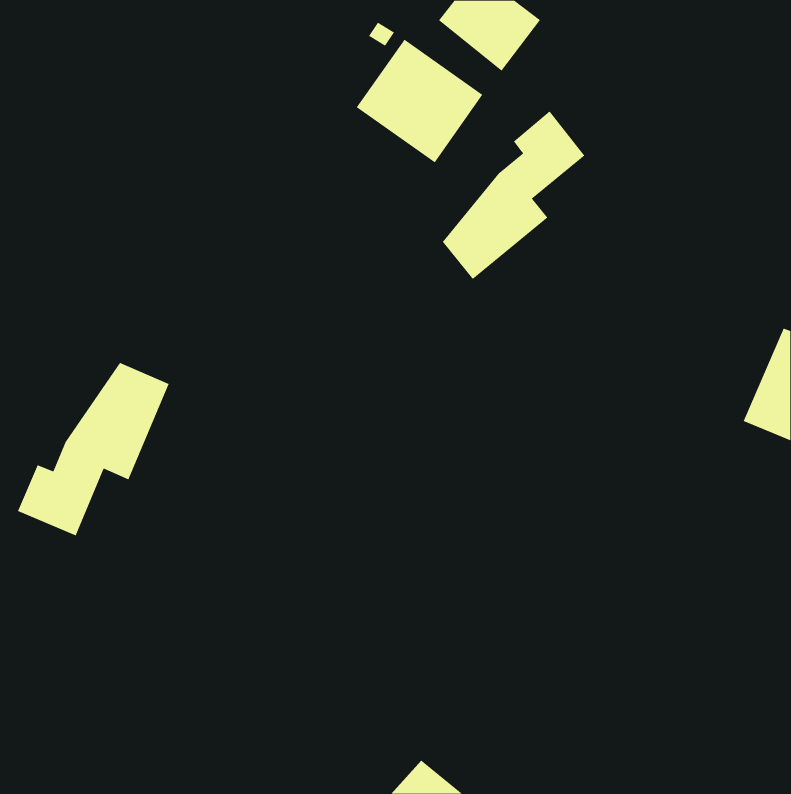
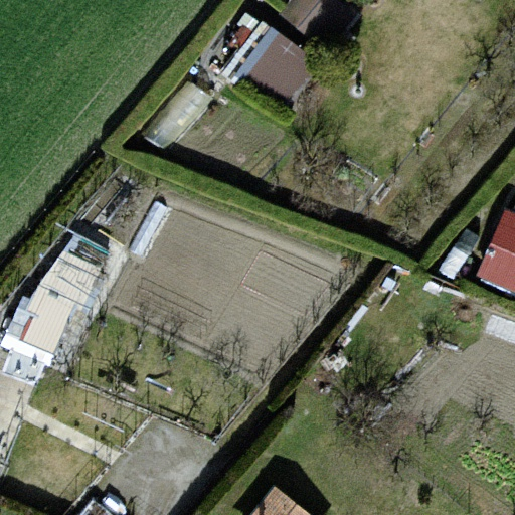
building: [442,110,585,280] -> none

